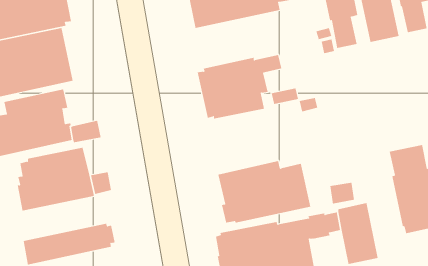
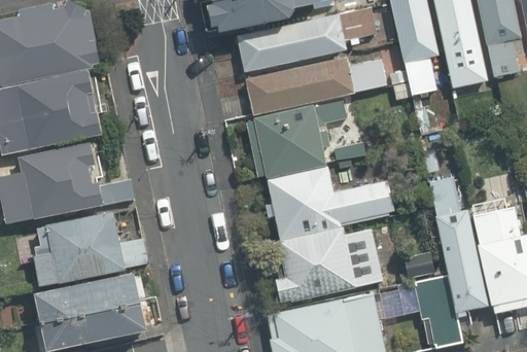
building: none -> [247,58,387,115]
building: none -> [265,167,393,240]
building: none -> [429,177,487,312]
building: none -> [36,272,144,321]

